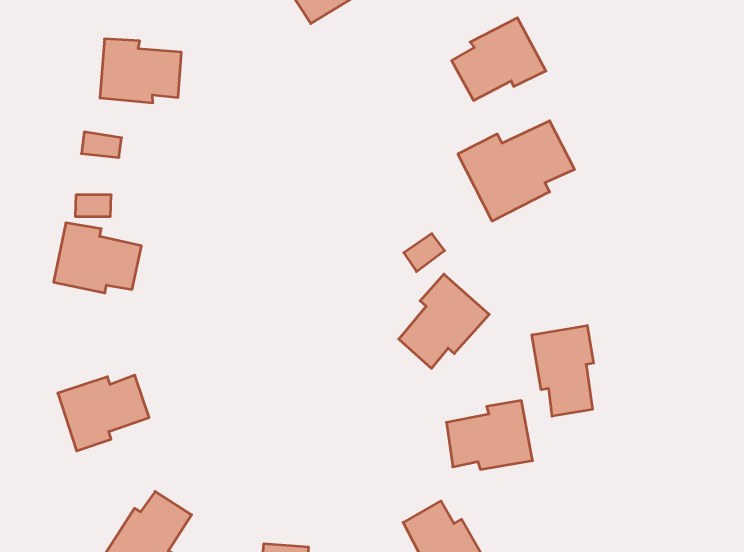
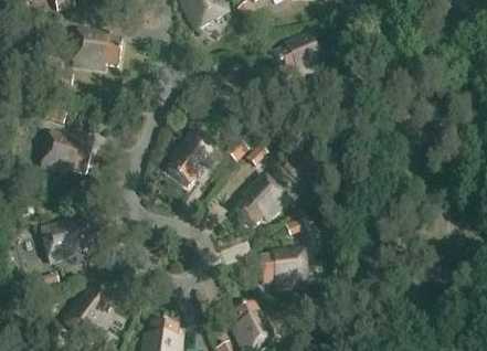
building: [458,121,574,221] -> none
building: none -> [167,130,218,183]
building: [532,325,594,416] -> none

